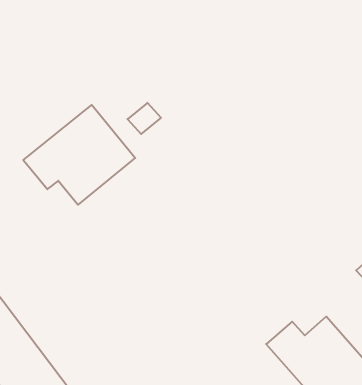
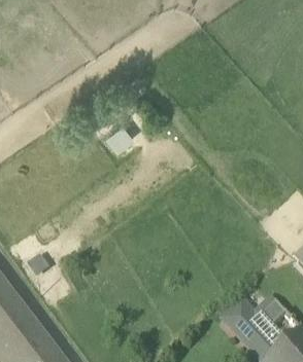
building: [23,105,135,205] -> none

